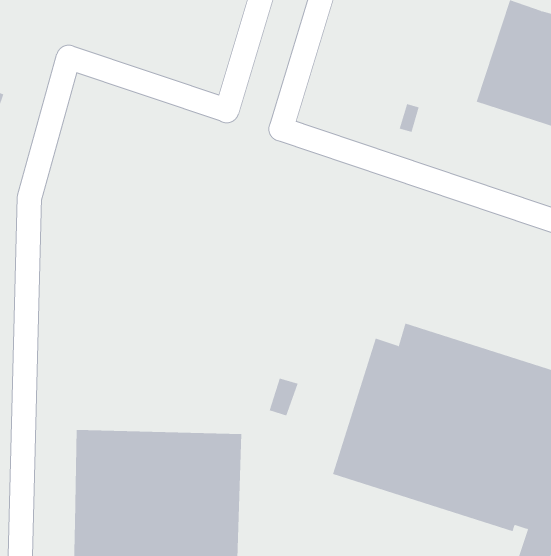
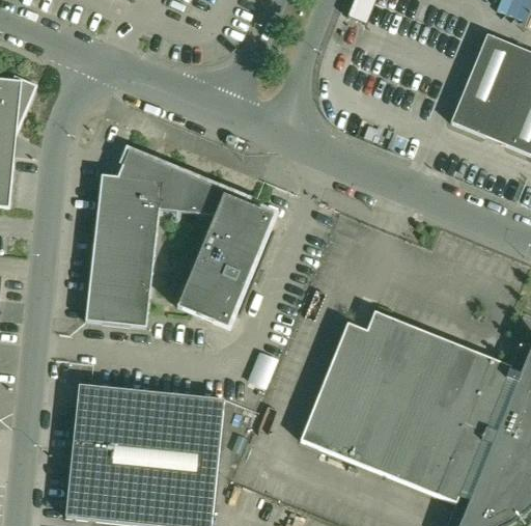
building: none -> [85,149,275,326]

